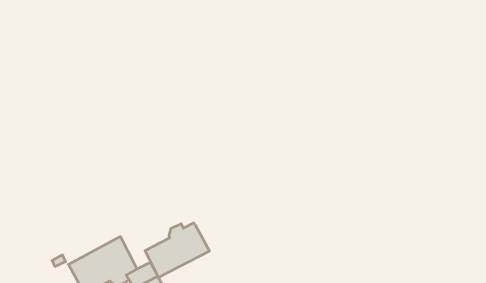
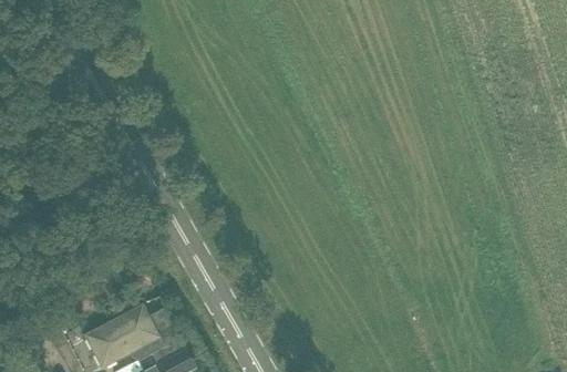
building: [145,223,209,277] -> none

